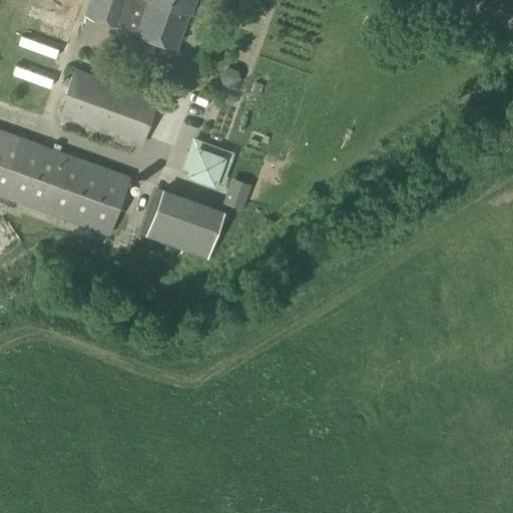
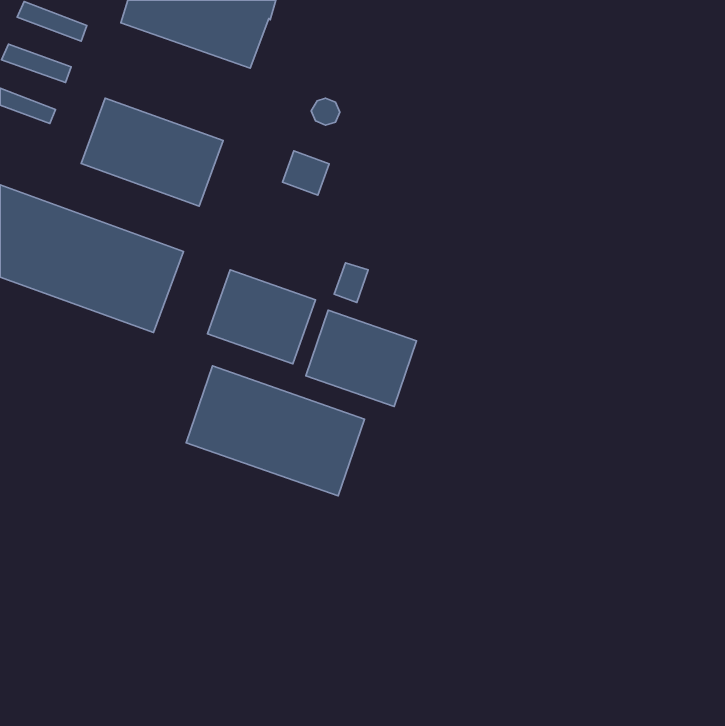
building: [189,150,222,181] -> [282,151,329,195]
building: none -> [306,310,417,406]
building: none -> [186,366,365,496]

